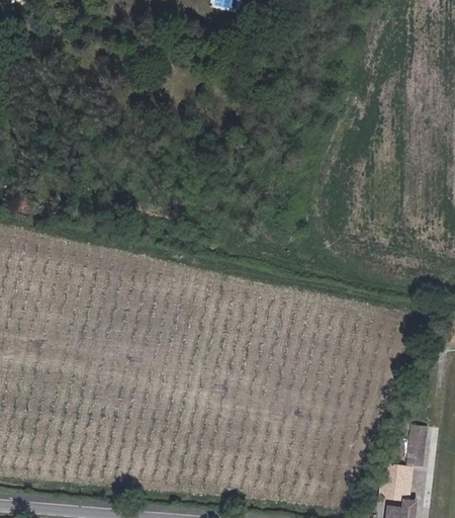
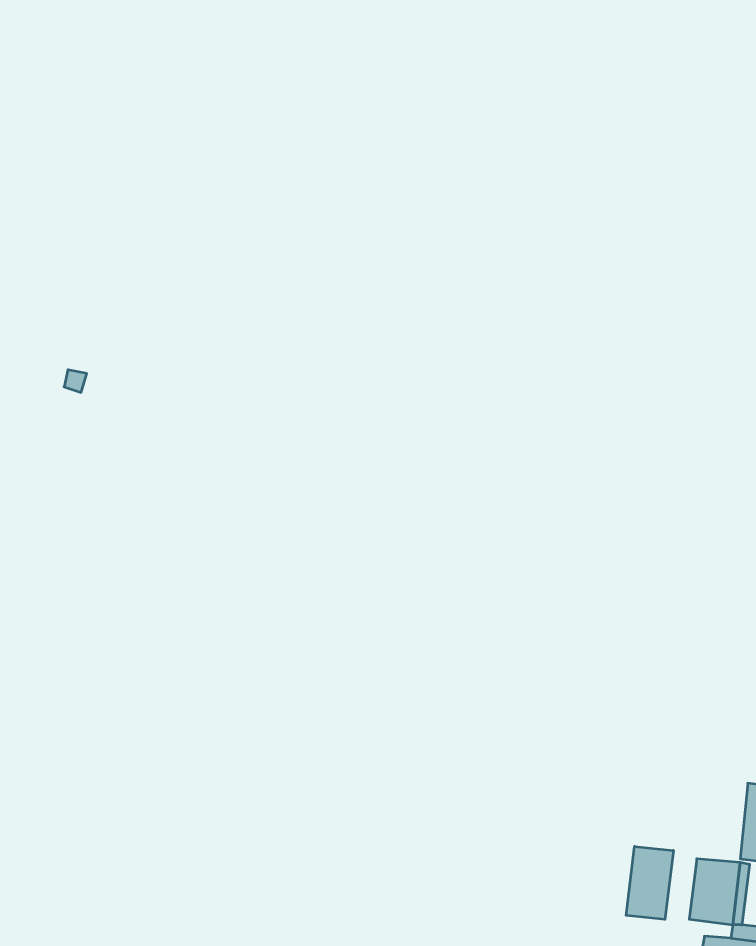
building: none -> [626,846,673,919]

